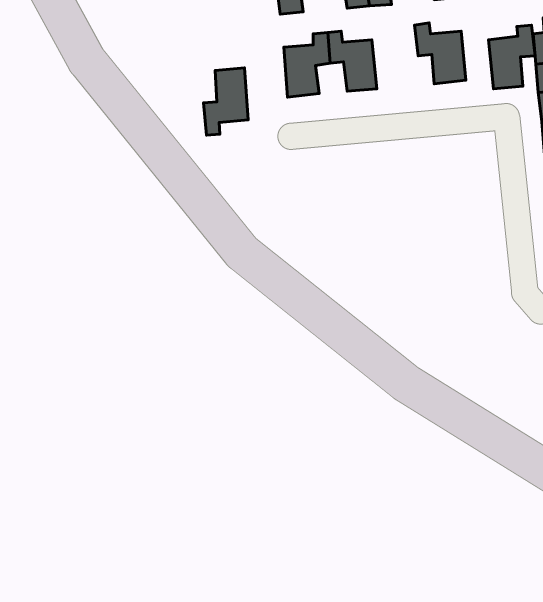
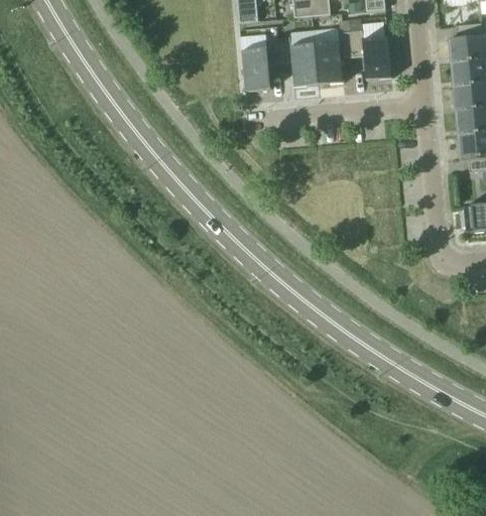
building: [489,25,535,89] -> [315,30,353,83]
building: [203,68,248,135] -> none

